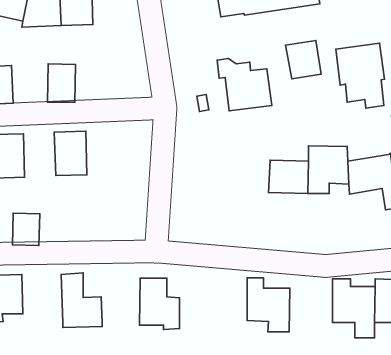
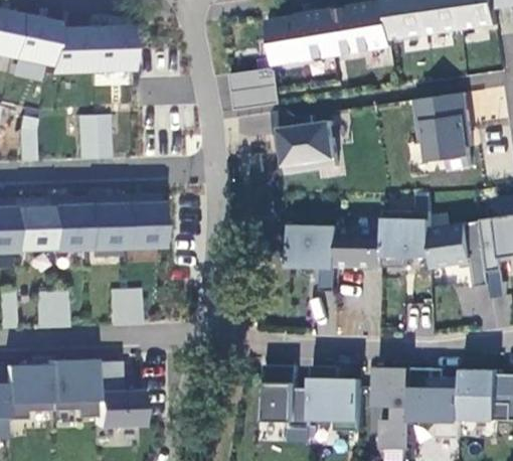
building: none -> [231,67,282,109]
building: [286,40,321,79] -> none
building: none -> [120,194,158,247]
building: none -> [46,196,84,250]
building: none -> [286,228,337,268]
building: none -> [107,289,140,326]
building: none -> [47,364,93,422]
building: [139,278,180,329] -> [263,367,310,428]
building: none -> [375,369,410,450]

